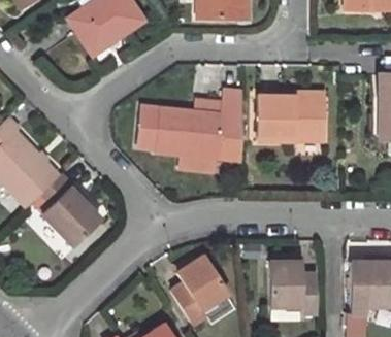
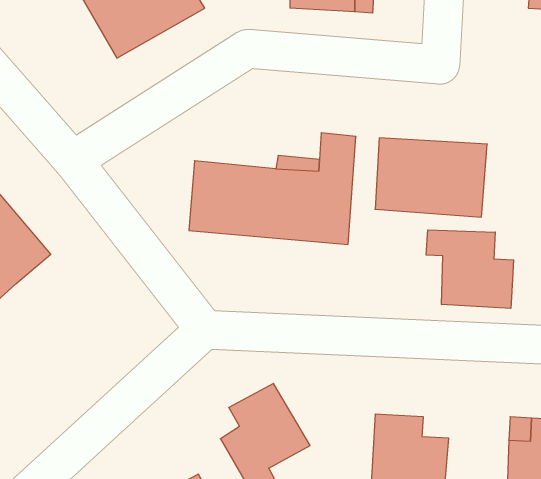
building: none -> [426,230,514,308]
building: [38,176,99,245] -> none

